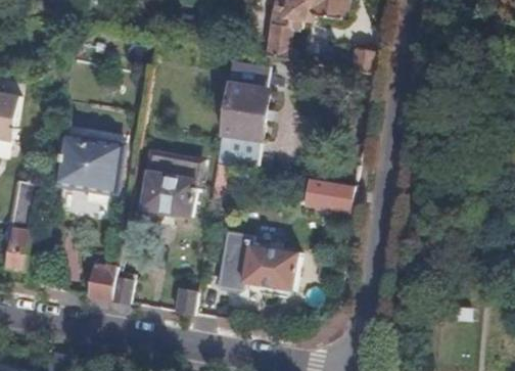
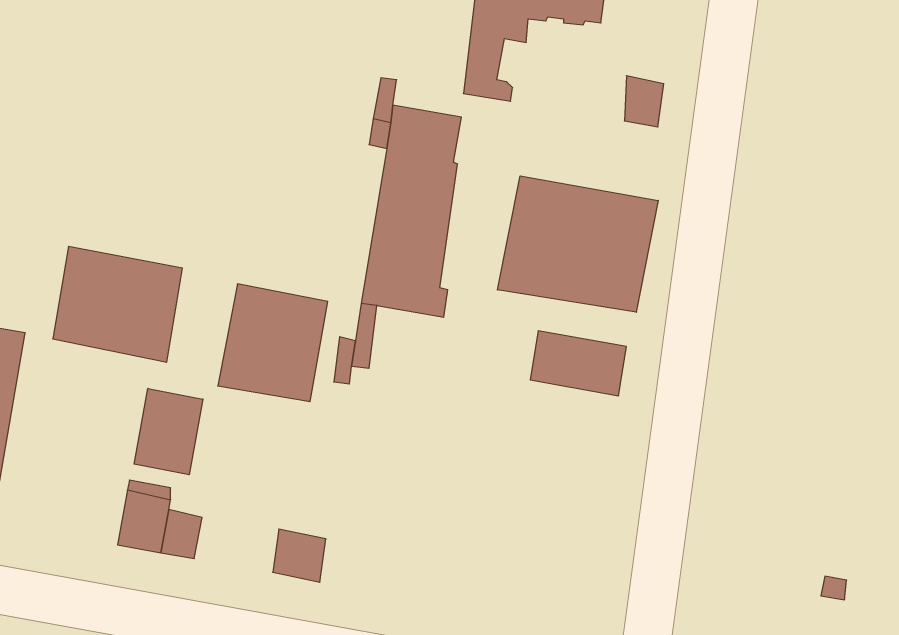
building: none -> [497,176,658,312]
building: none -> [134,388,203,475]
building: [217,230,298,291] -> none

